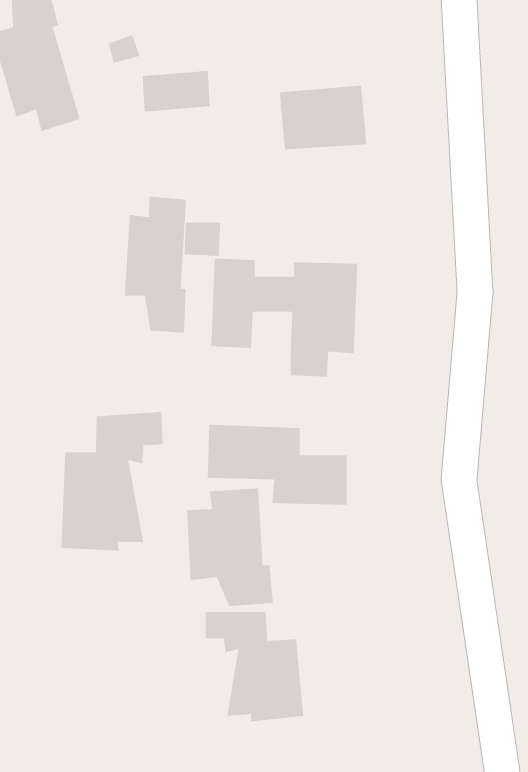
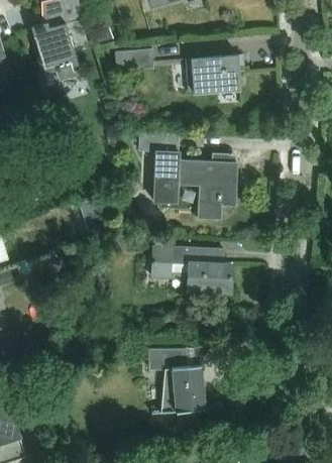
building: [124,196,187,333] -> none
building: [61,411,163,551] -> none
building: [186,488,274,607] -> none

